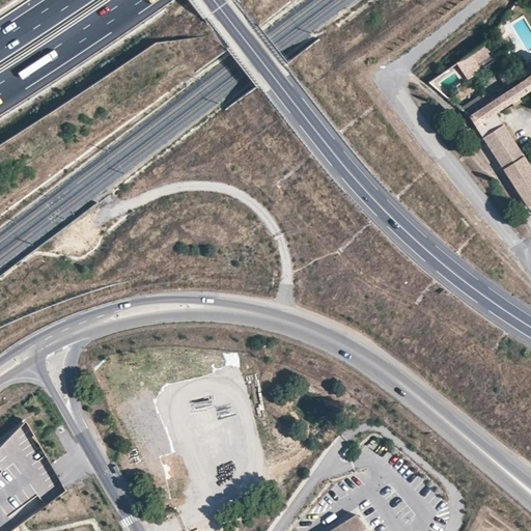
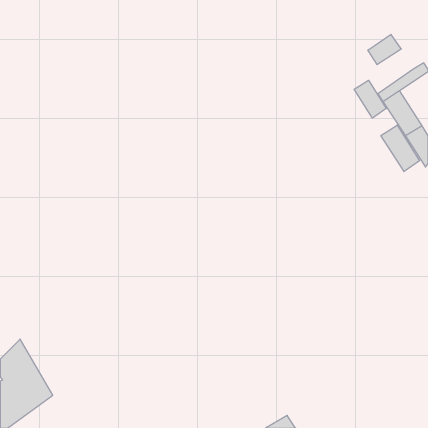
building: none -> [354,80,386,118]
building: none -> [381,125,420,172]

